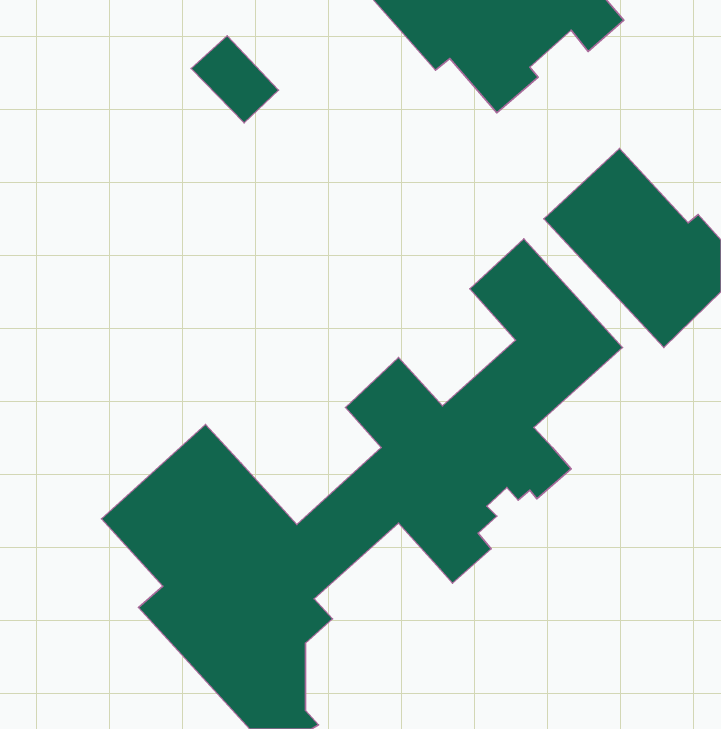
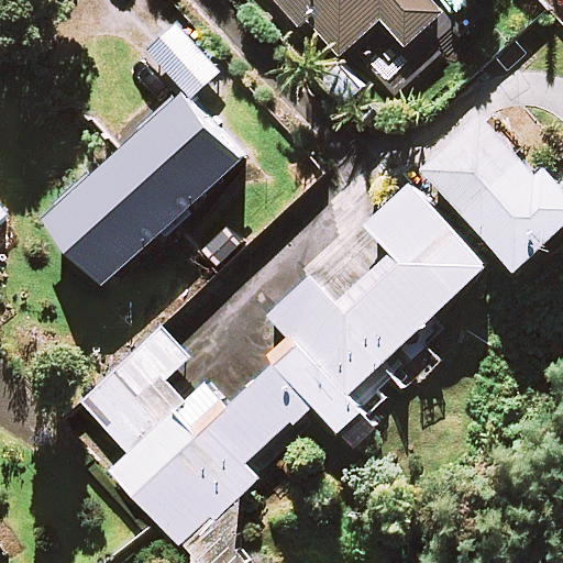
building: none -> [43,92,239,280]

